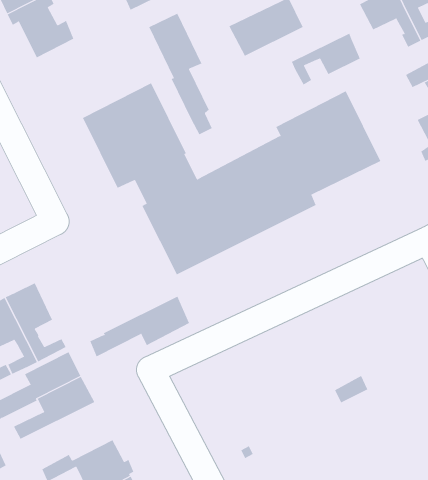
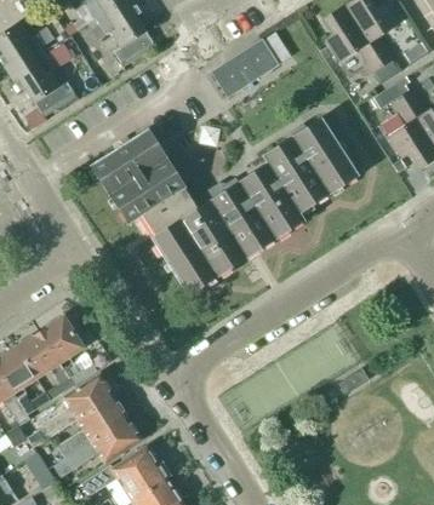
building: [148,13,213,135] -> none
building: [291,33,361,85] -> none
building: [90,296,190,357] -> [53,415,141,477]

